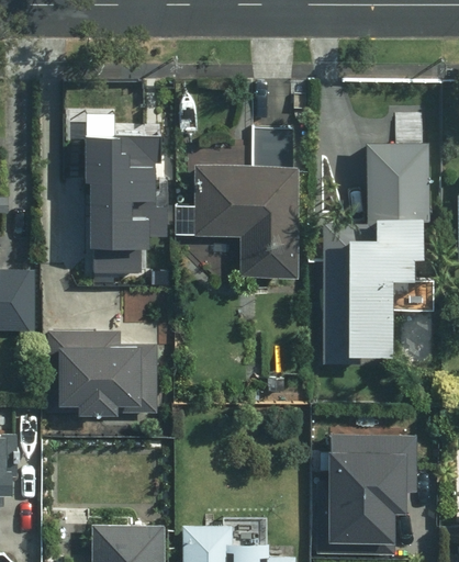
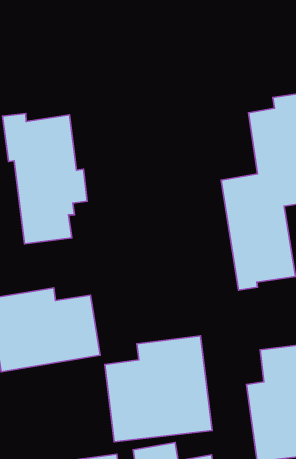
building: [194,130,298,277] -> none
building: none -> [105,336,212,442]

